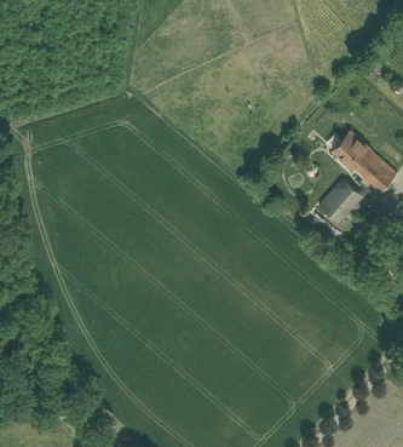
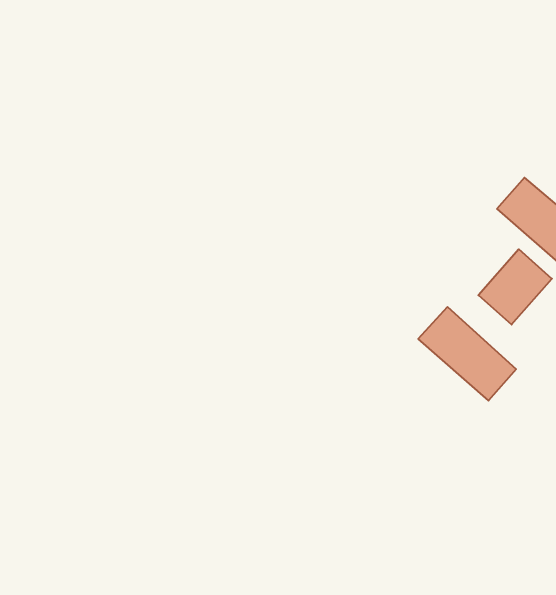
building: none -> [418,307,516,401]

